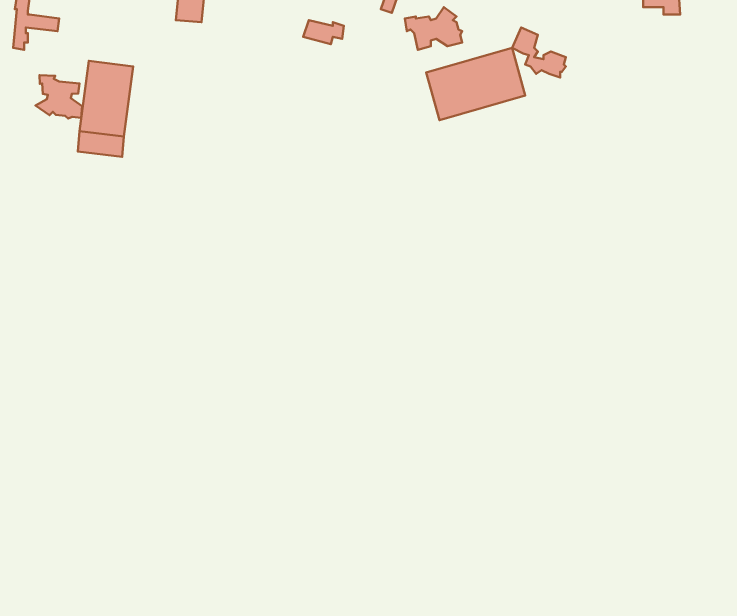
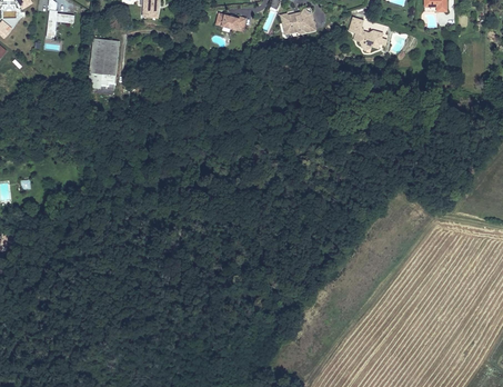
building: [426,48,525,120] -> none
building: [35,75,82,118] -> none

